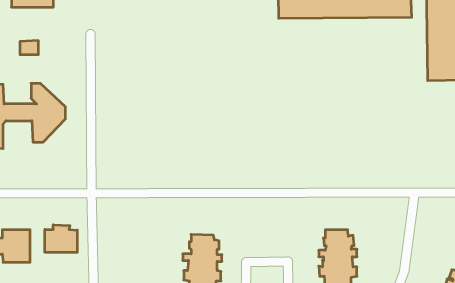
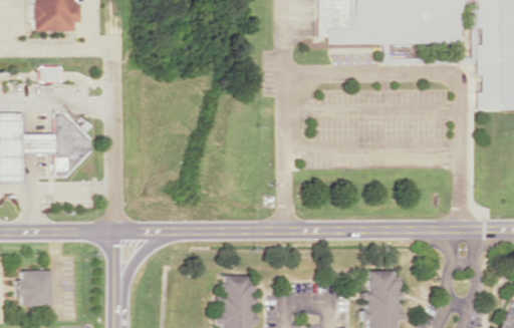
building: [45,225,77,252] -> none

